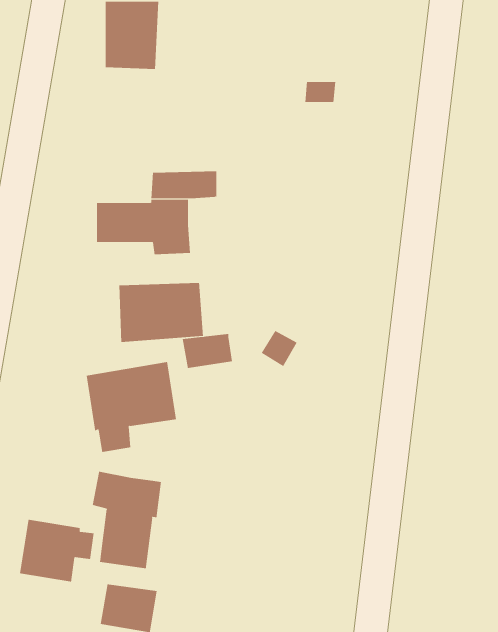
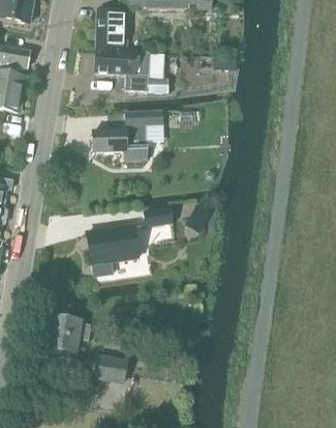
building: none -> [95,50,167,93]
building: [119,282,204,343] -> none
building: [92,471,161,569] -> none

